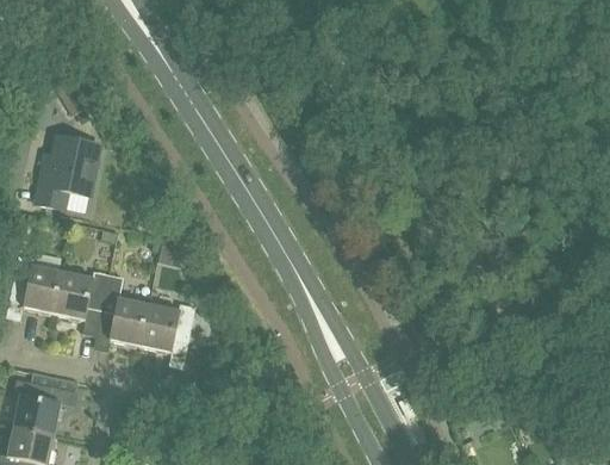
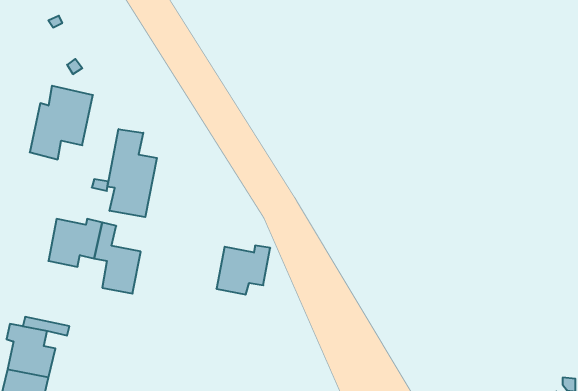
building: none -> [107,129,157,217]
building: [10,254,62,312] -> none
building: [139,302,194,352] -> [216,246,270,295]

